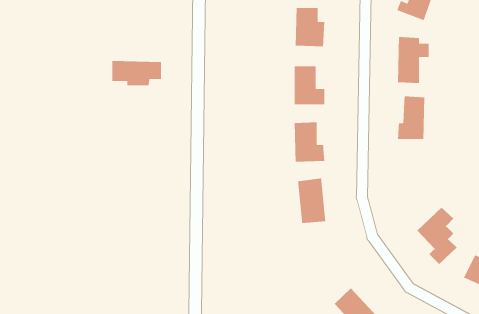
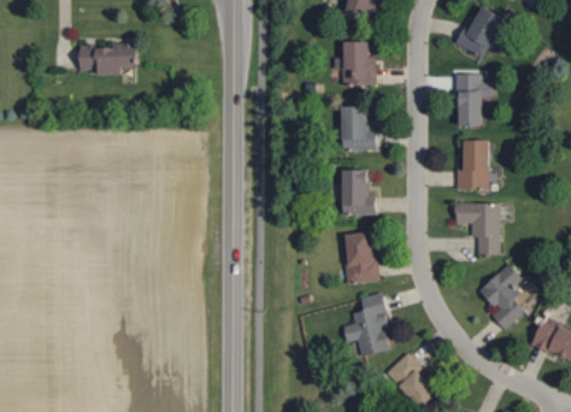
building: [111,60,162,86] -> [80,46,136,75]
building: none -> [454,202,500,254]
building: none -> [342,293,389,355]

